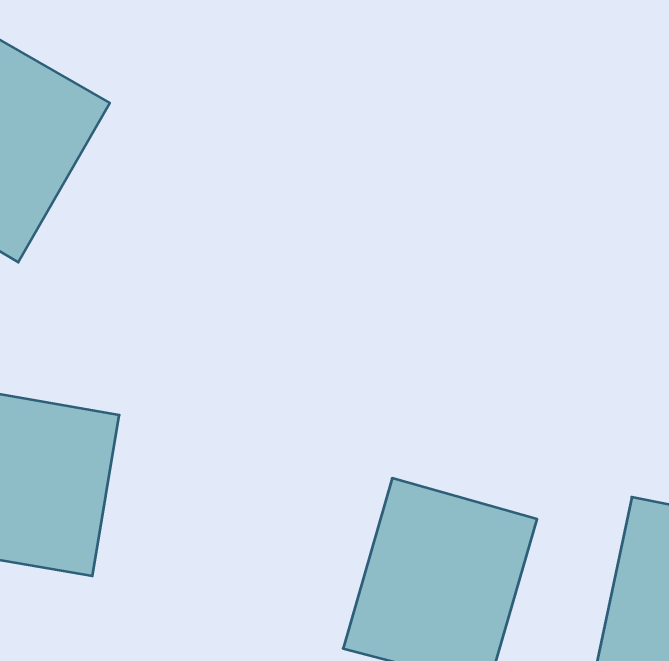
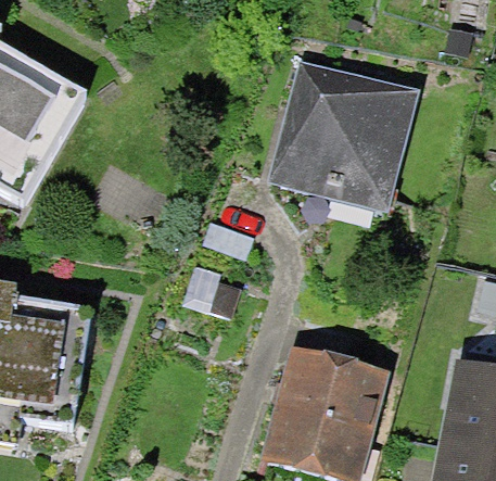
building: none -> [266,53,420,206]

